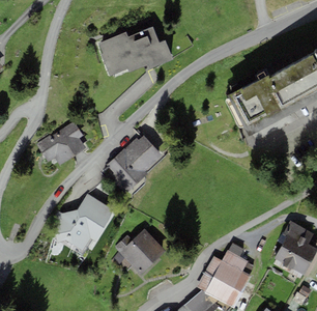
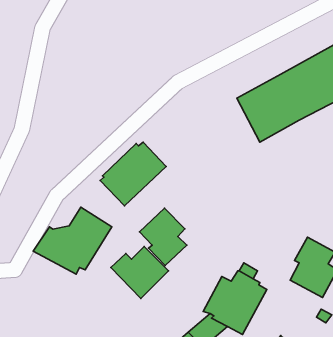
building: [98,26,173,75] -> none
building: [36,120,86,165] -> none
building: none -> [140,208,187,266]

